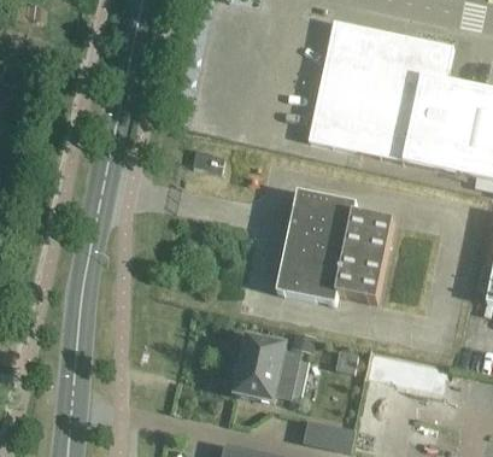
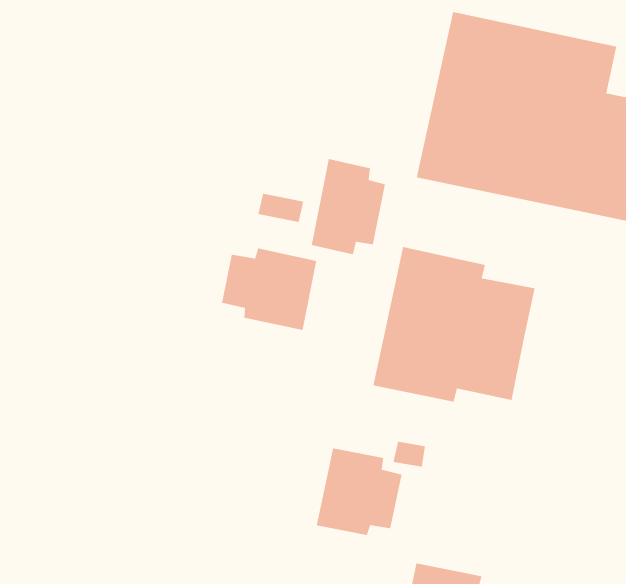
building: none -> [311,158,386,255]
building: none -> [221,248,317,331]

